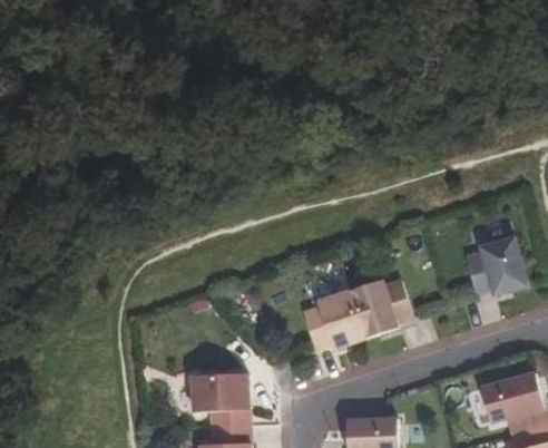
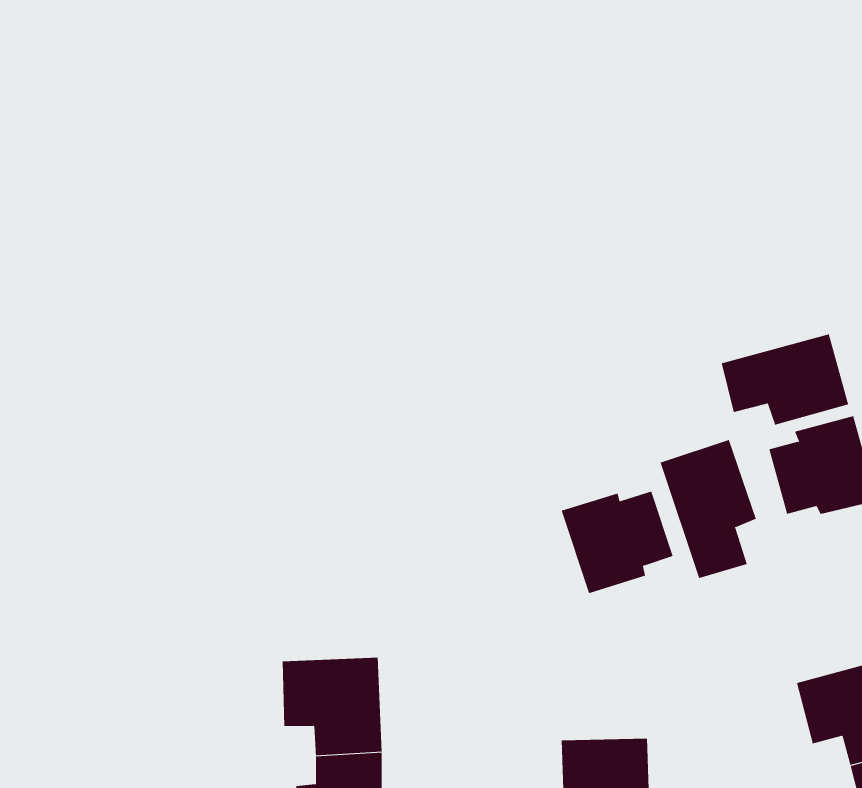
building: none -> [721,333,849,426]
building: none -> [660,439,756,579]
building: [303,290,364,348] -> none

